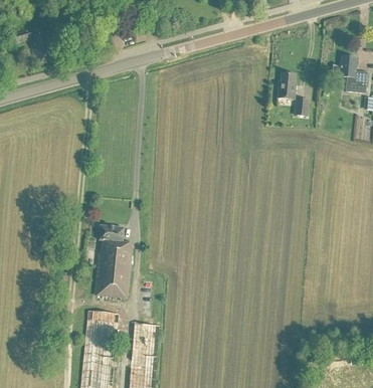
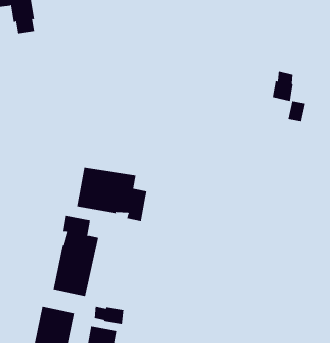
building: none -> [77,167,147,222]
building: none -> [94,306,124,325]

